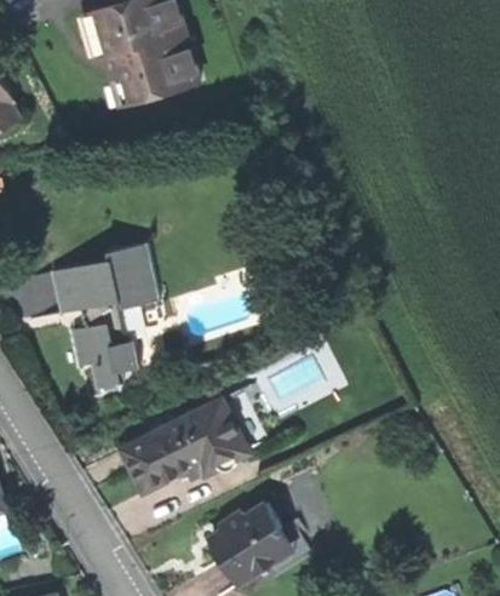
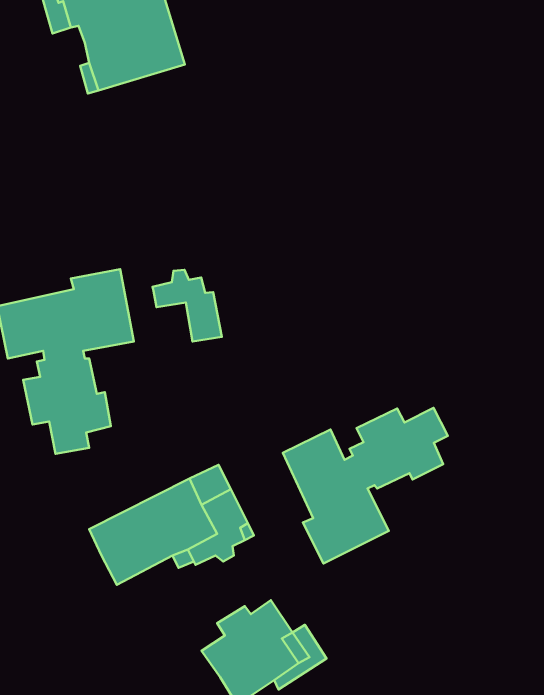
building: none -> [153,270,222,342]
building: none -> [283,408,448,563]

